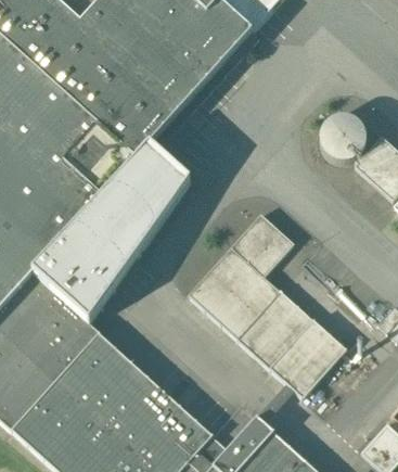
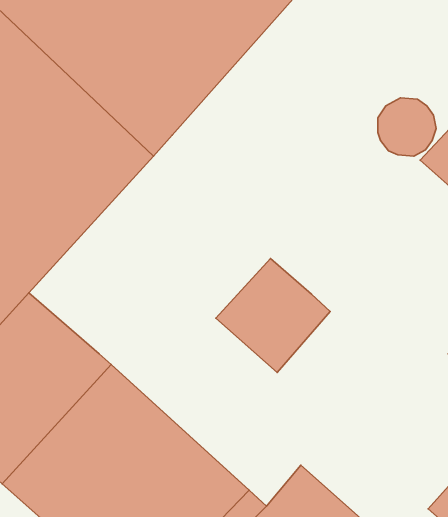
building: [33,145,190,324] -> none
building: [230,213,294,276] -> none
building: [235,290,346,398] -> none

